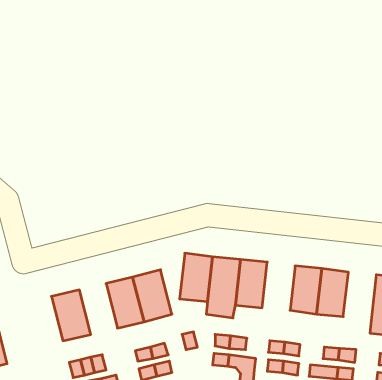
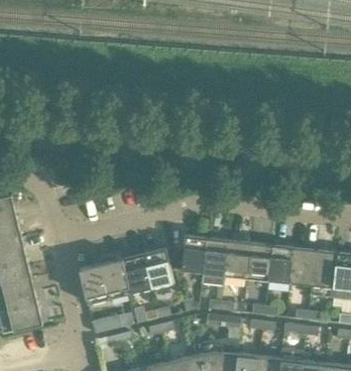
building: none -> [245,242,271,280]
building: none -> [309,250,336,298]
building: none -> [100,259,130,299]

